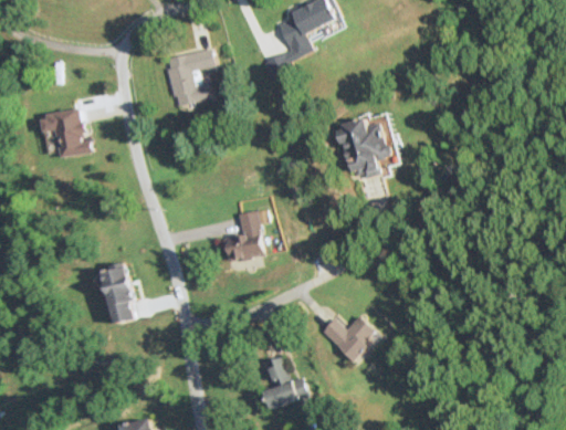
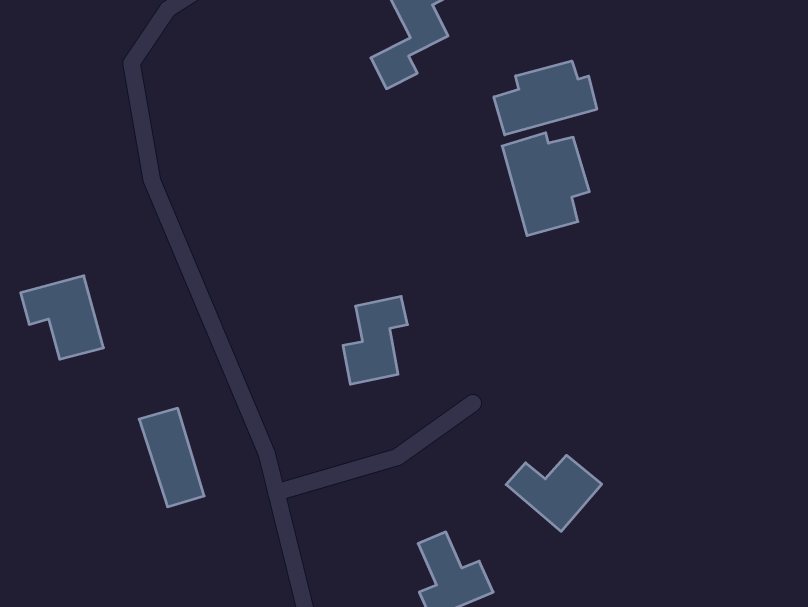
building: [165,48,213,106] -> none
building: none -> [494,61,597,135]
building: [40,107,87,157] -> [21,276,104,359]

